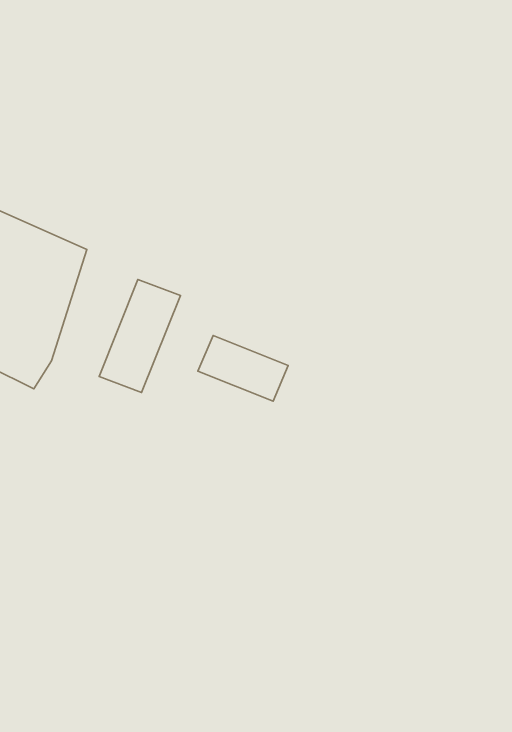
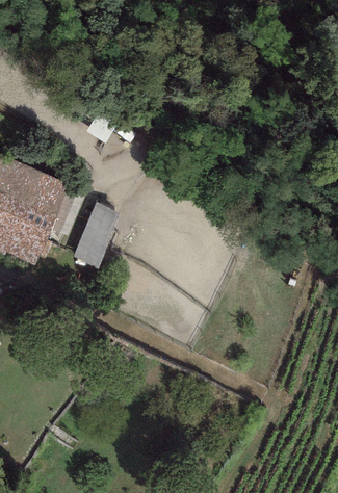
building: [198,335,288,401] -> none

